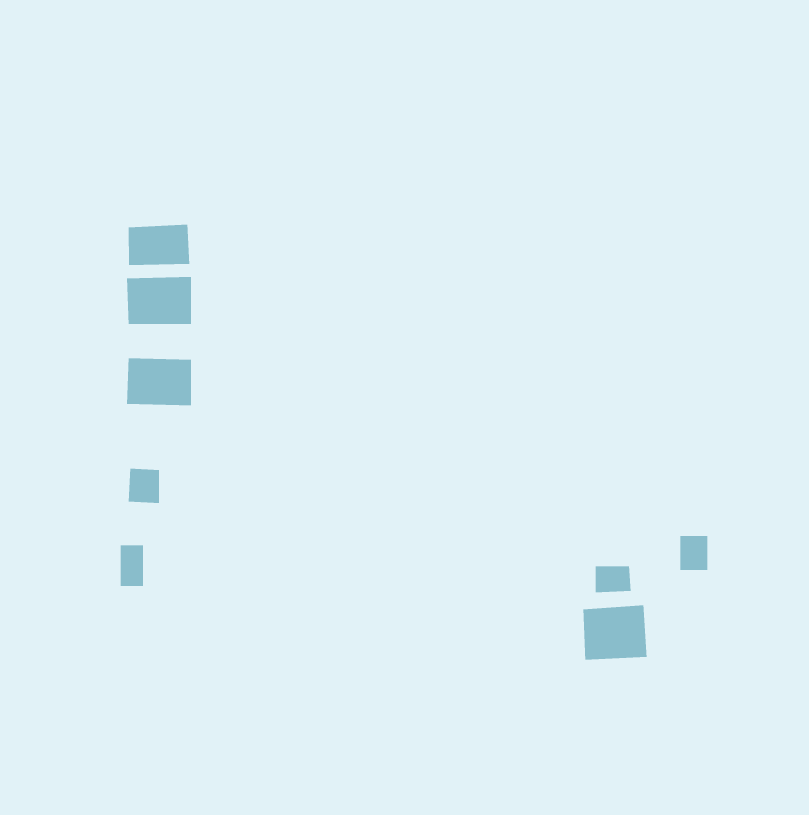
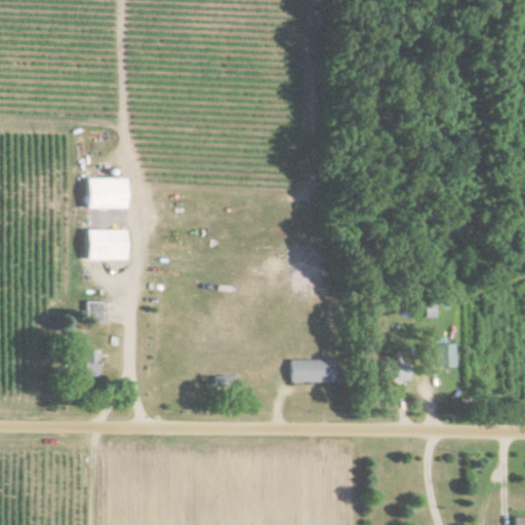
building: [128,224,190,266] -> none
building: none -> [291,359,336,381]
building: [583,604,647,660] -> none

